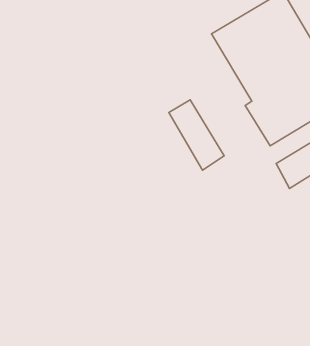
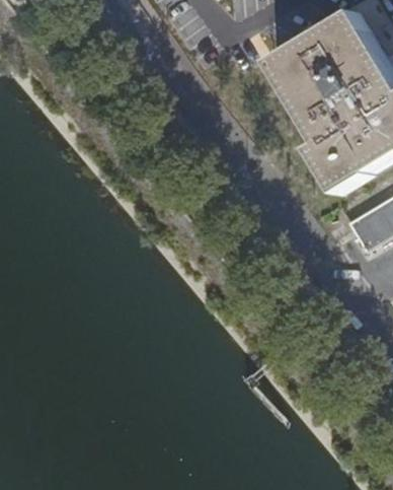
building: [169,100,224,170] -> none

